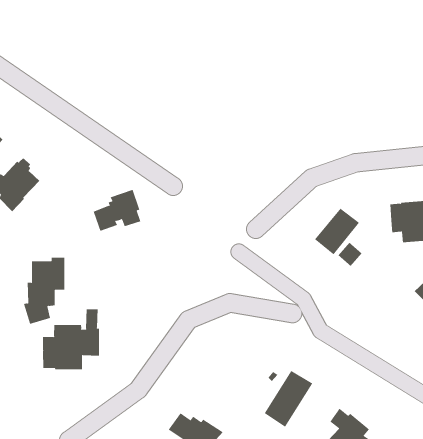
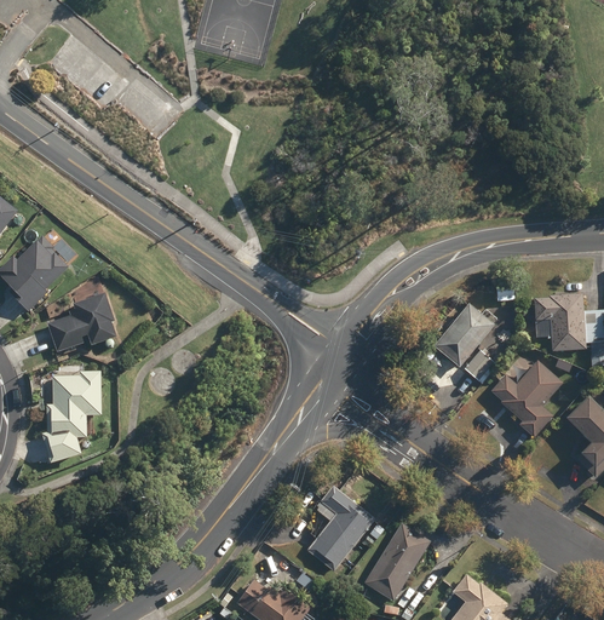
building: [93,189,141,231] -> [46,293,111,350]
building: none -> [491,360,563,437]
building: [43,308,99,370] -> none
building: none -> [307,484,375,570]

